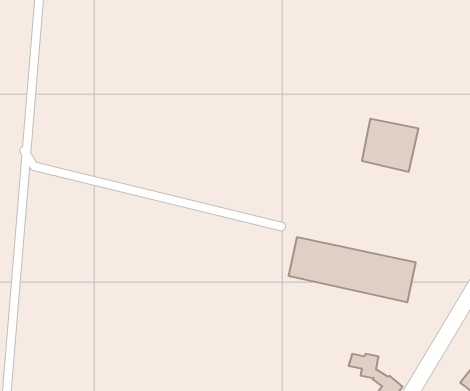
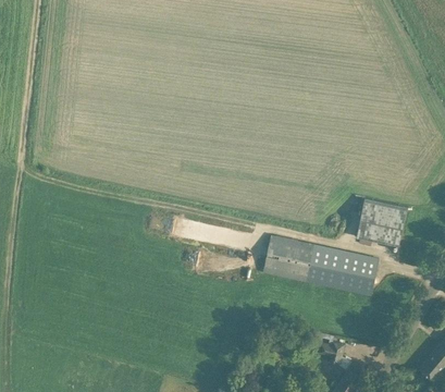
building: [362,119,418,172] -> [357,198,408,246]

